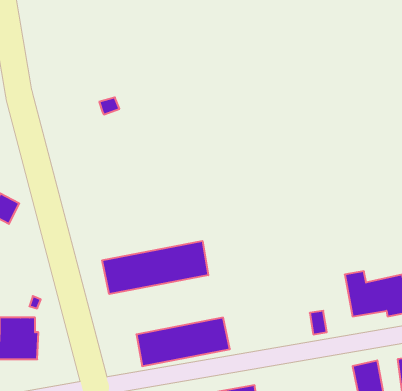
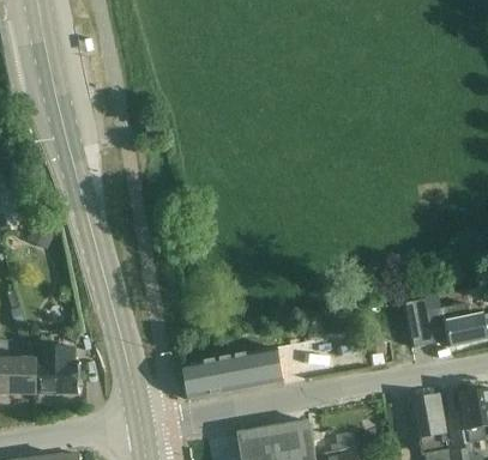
building: [102,241,208,294] -> none

